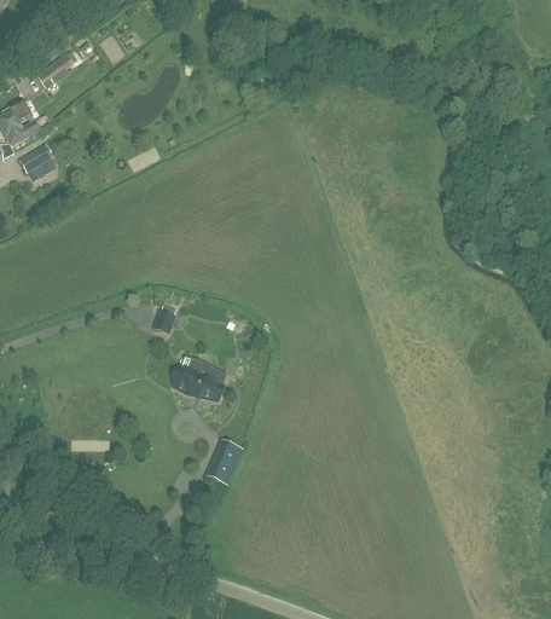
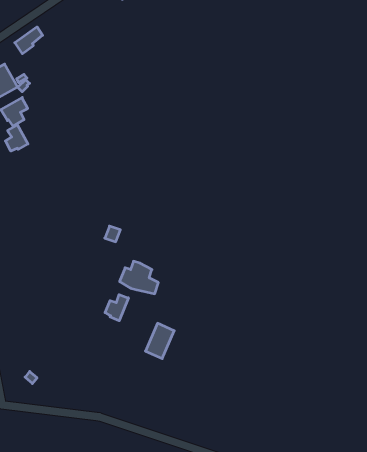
building: none -> [5,125,28,151]
building: none -> [105,295,128,321]

